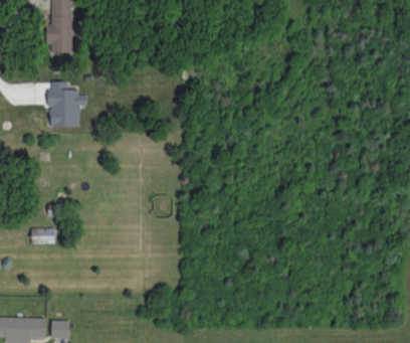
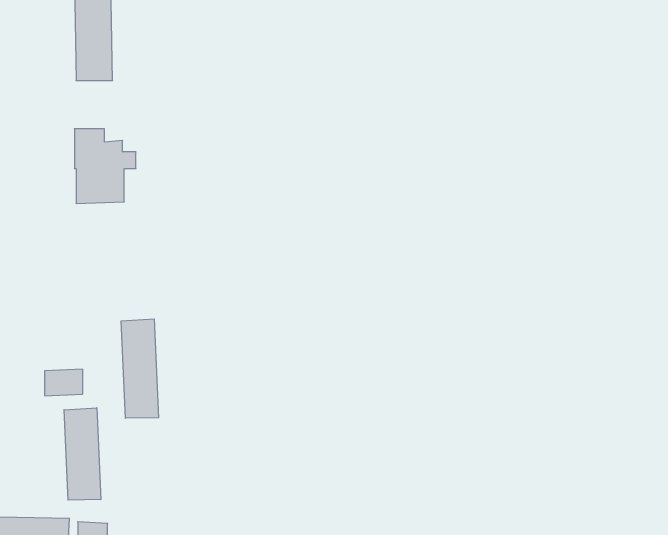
building: none -> [121,319,159,418]
building: none -> [64,408,101,500]

